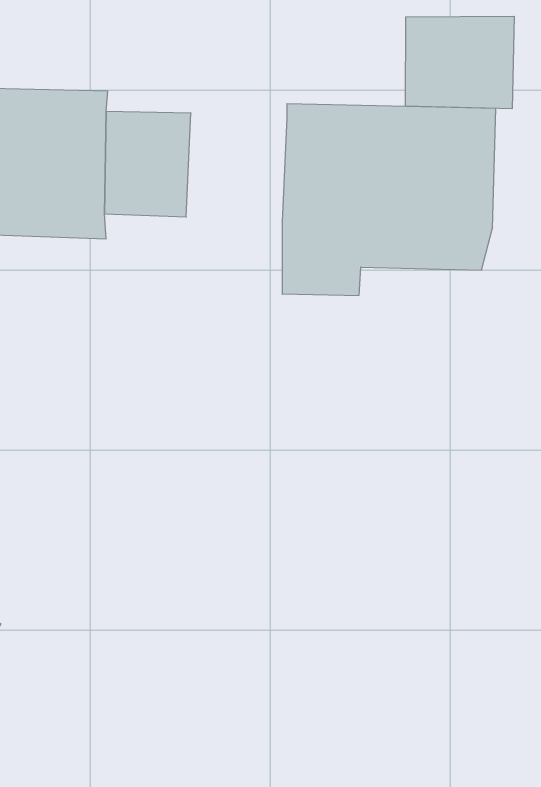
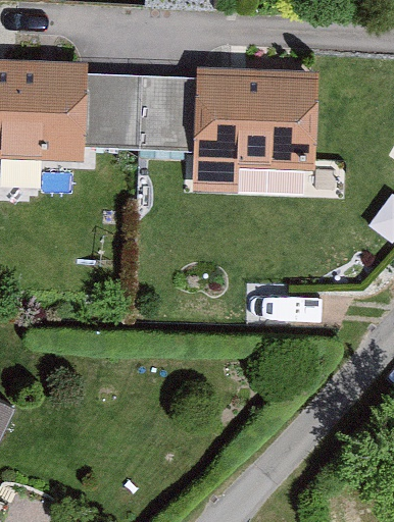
building: [405,16,514,109] -> none
building: none -> [132,77,197,148]

